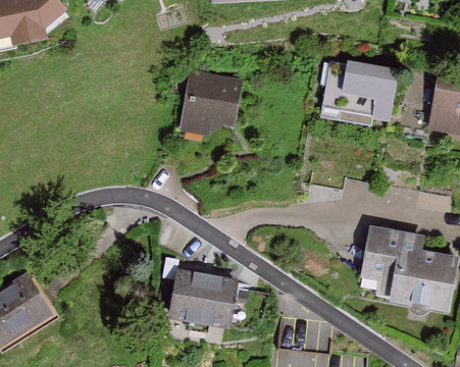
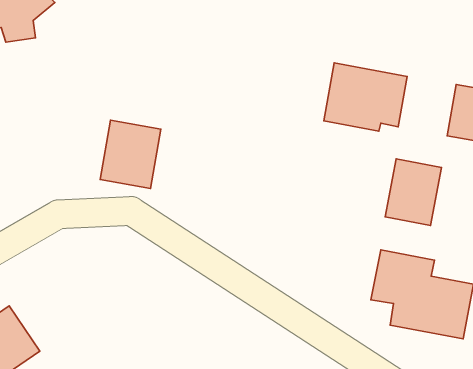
building: [183,69,237,130] -> [100,120,161,189]
building: none -> [385,159,442,225]
building: [173,270,239,323] -> none

